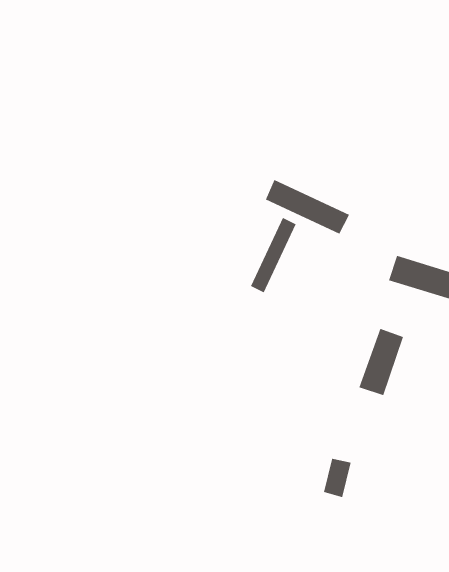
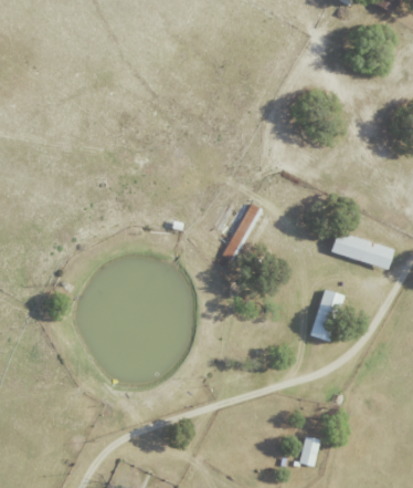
building: [265,179,350,234] -> none
building: [323,458,351,498] -> [297,436,319,467]

